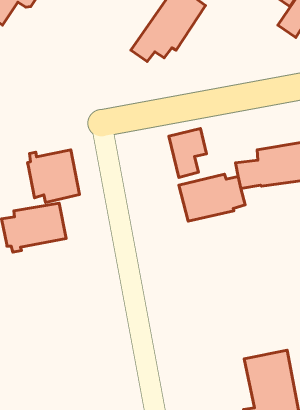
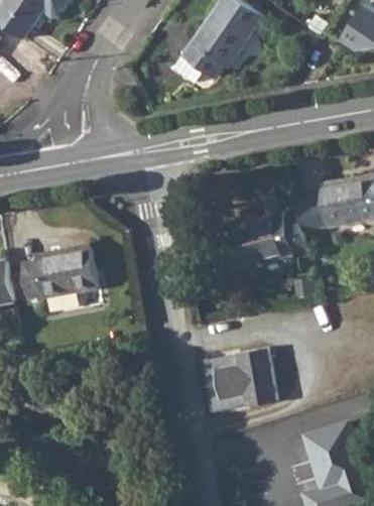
building: [169,129,207,177] -> none
building: [28,150,79,202] -> none
building: none -> [215,343,275,403]

